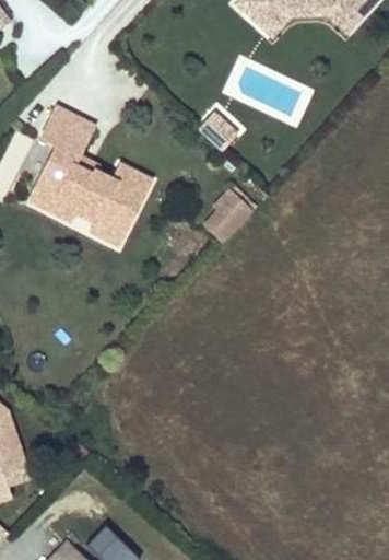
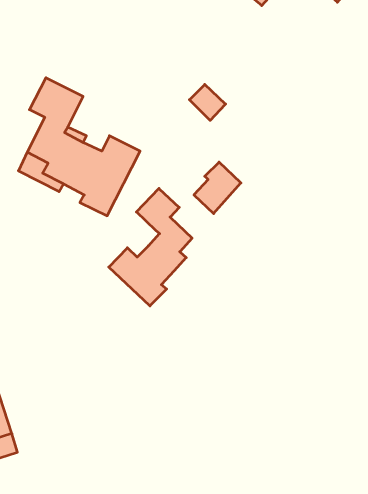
building: none -> [109,188,192,306]

